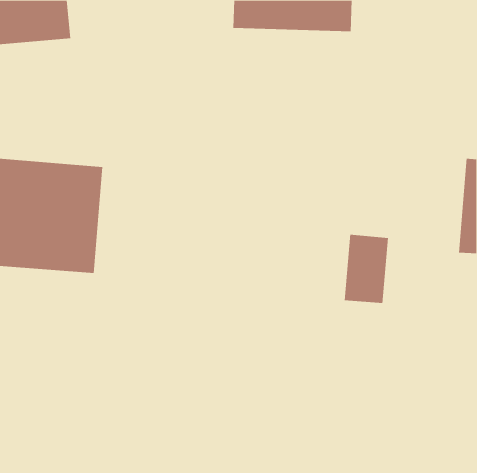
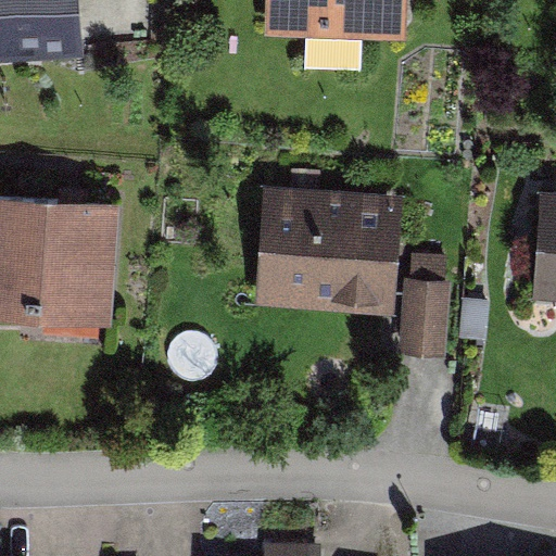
building: none -> [256,186,400,315]

